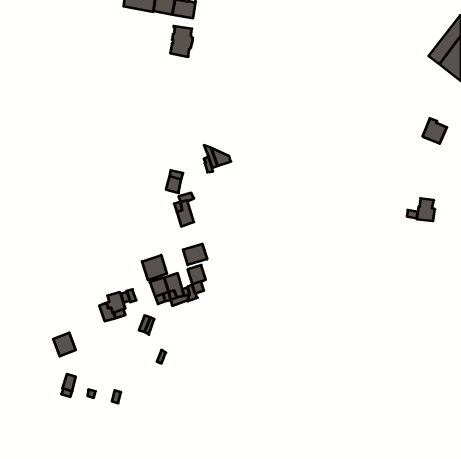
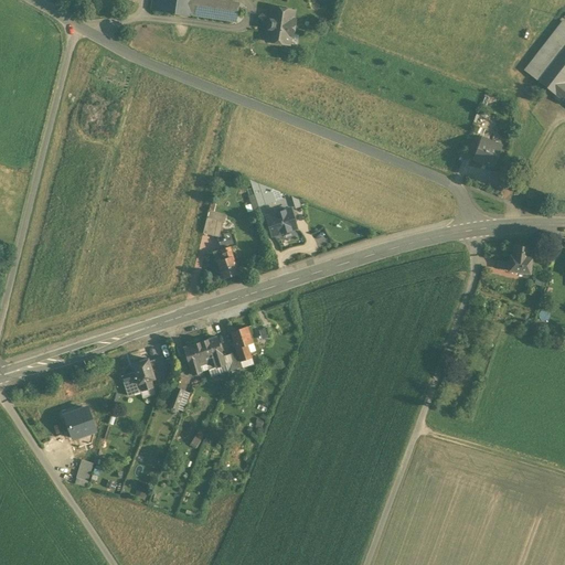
building: [170,26,193,57] -> [267,6,295,43]
building: [423,118,447,144] -> [472,135,502,166]
building: none -> [267,209,295,233]
building: [183,244,207,265] -> none
building: [142,255,167,280] -> none

